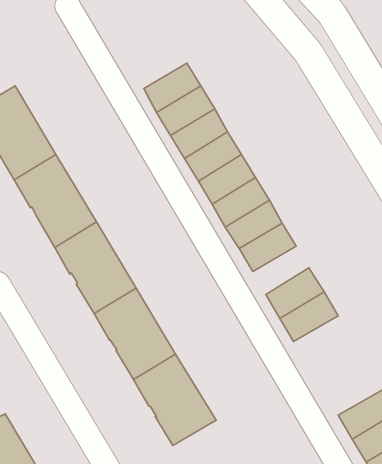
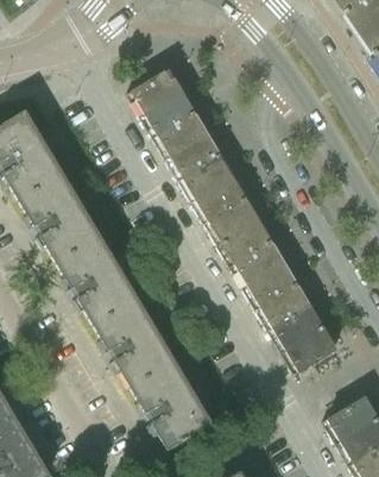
building: none -> [126,69,179,115]
building: none -> [241,263,293,308]
building: none -> [279,328,334,375]

